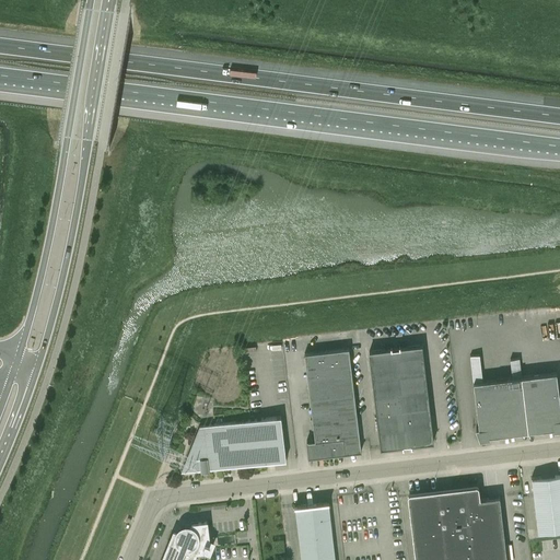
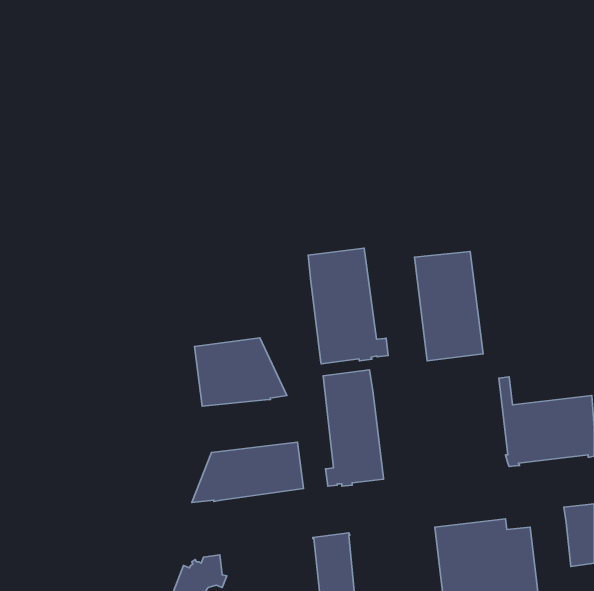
building: none -> [308,248,388,364]
building: none -> [195,338,287,406]
building: [369,349,433,452] -> [414,251,483,361]

